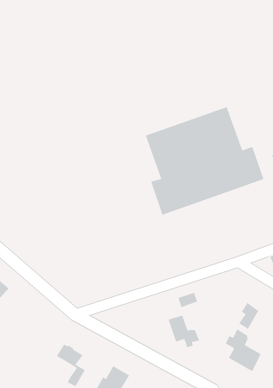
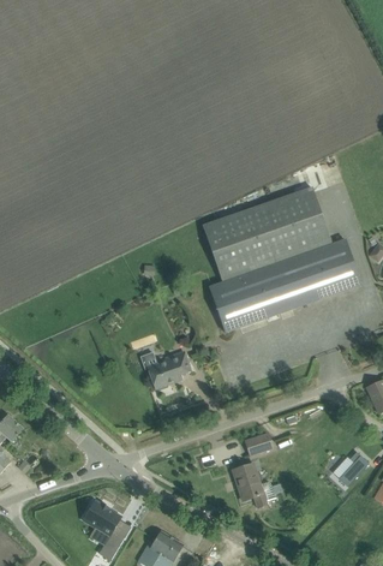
building: none -> [148,351,191,388]
building: [225,328,262,372] -> none

